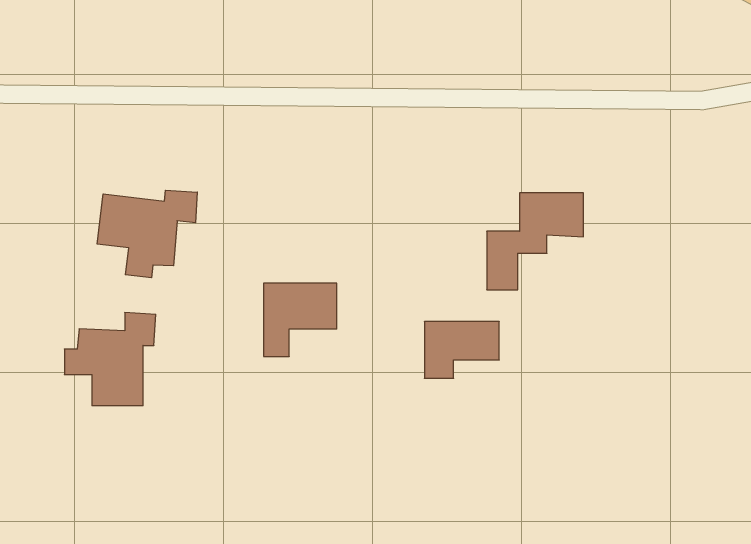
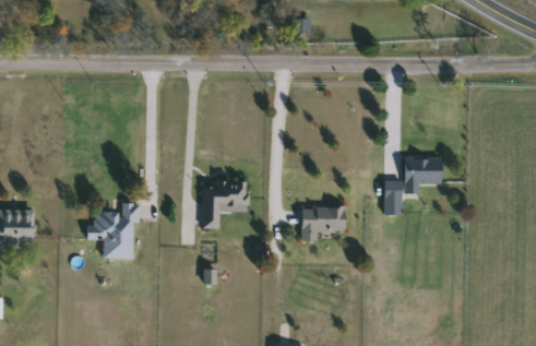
building: [97,190,197,278] -> none
building: [487,193,583,290] -> [384,157,442,215]

